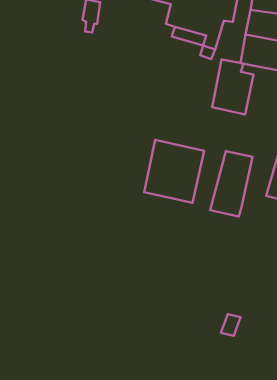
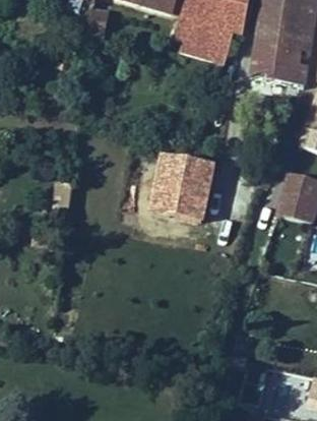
building: [212,60,253,114] -> none
building: [210,151,253,216] -> none

